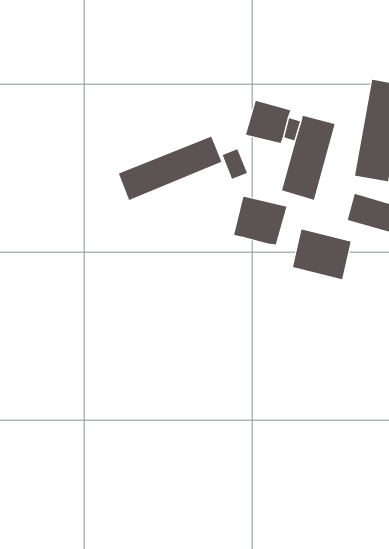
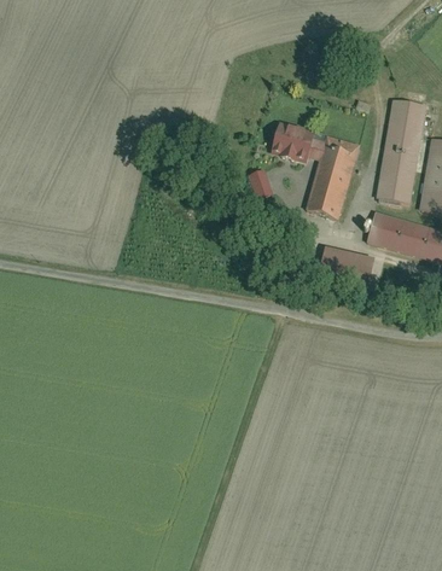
building: [118,136,222,201] -> none
building: [234,196,287,245] -> none

